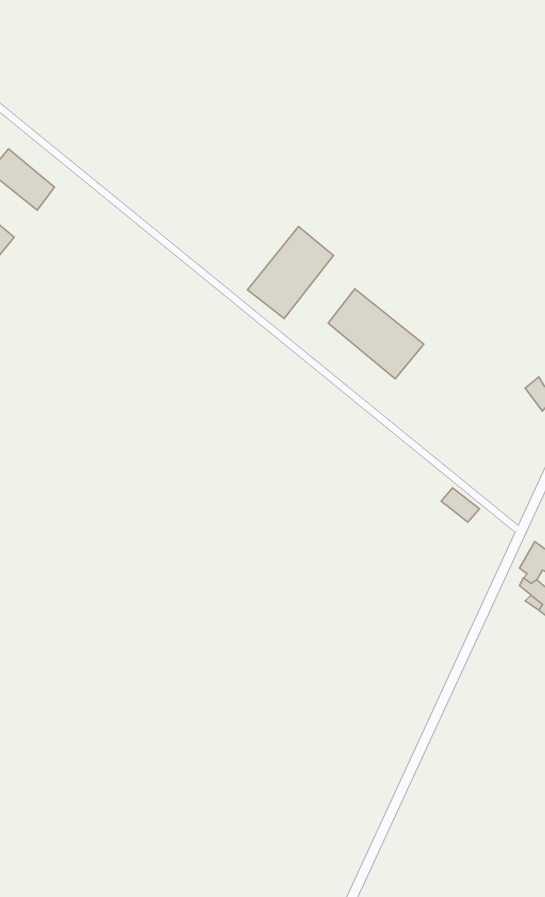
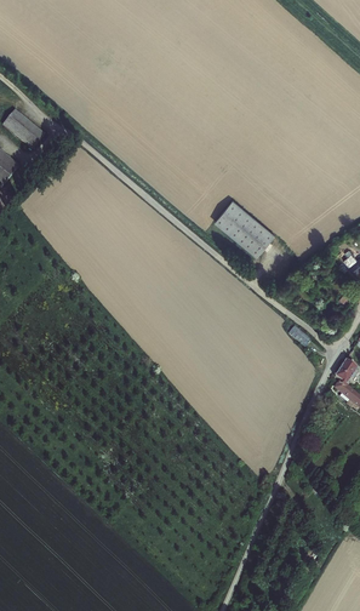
building: [247,226,334,319] -> none

